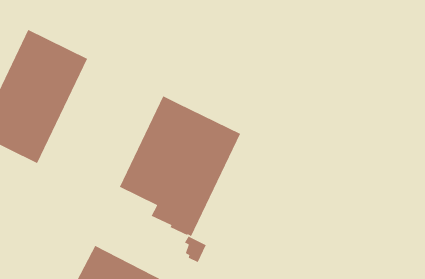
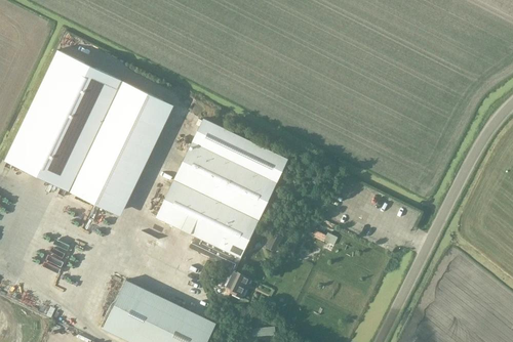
building: none -> [68,80,173,216]

